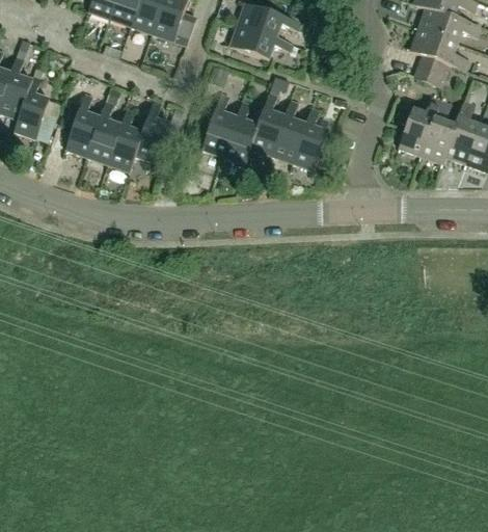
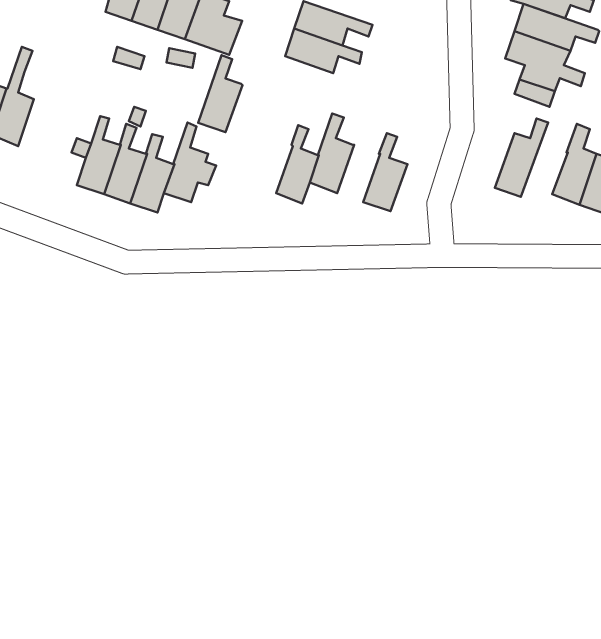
building: [15,75,57,140] -> none
building: [202,94,238,155] -> [198,55,242,132]
building: [419,99,457,166] -> none
building: [273,100,307,162] -> none

